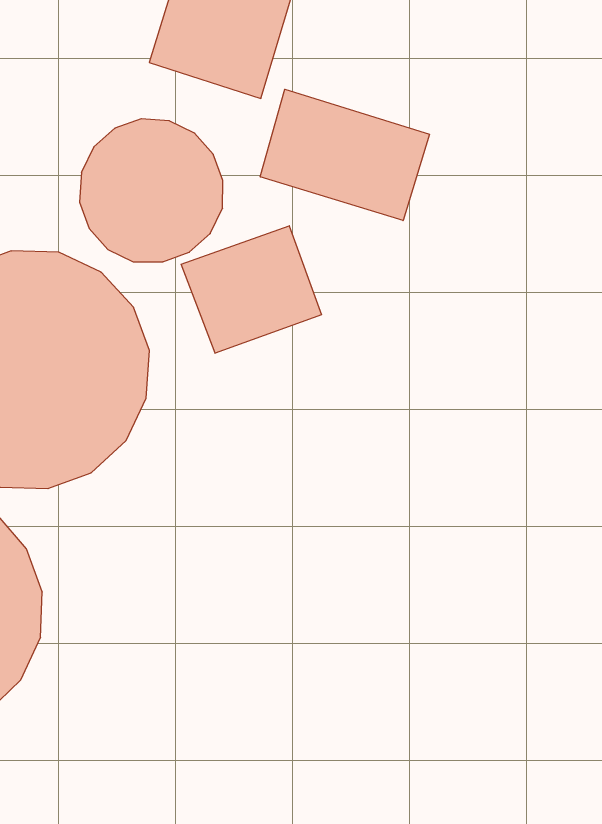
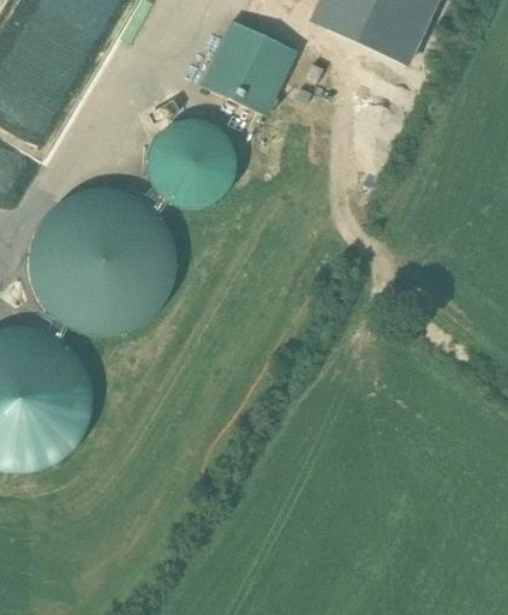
building: [260,89,430,221] -> none
building: [181,226,322,353] -> none

